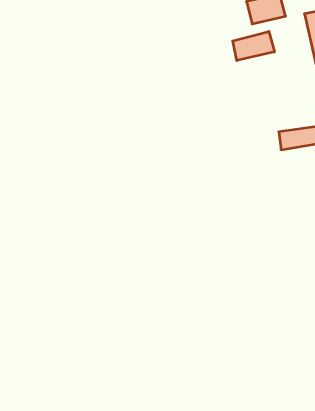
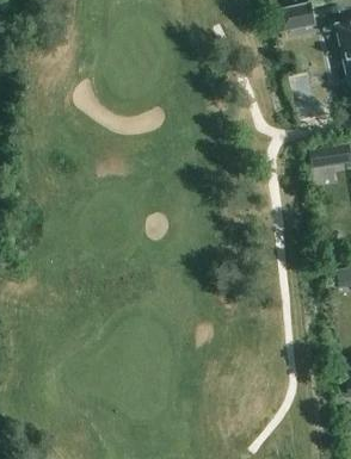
building: [233,31,274,61] -> none

